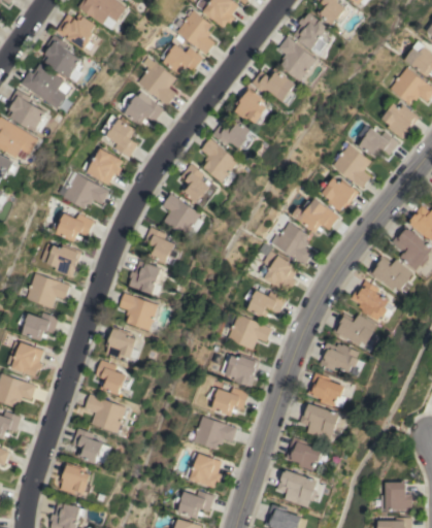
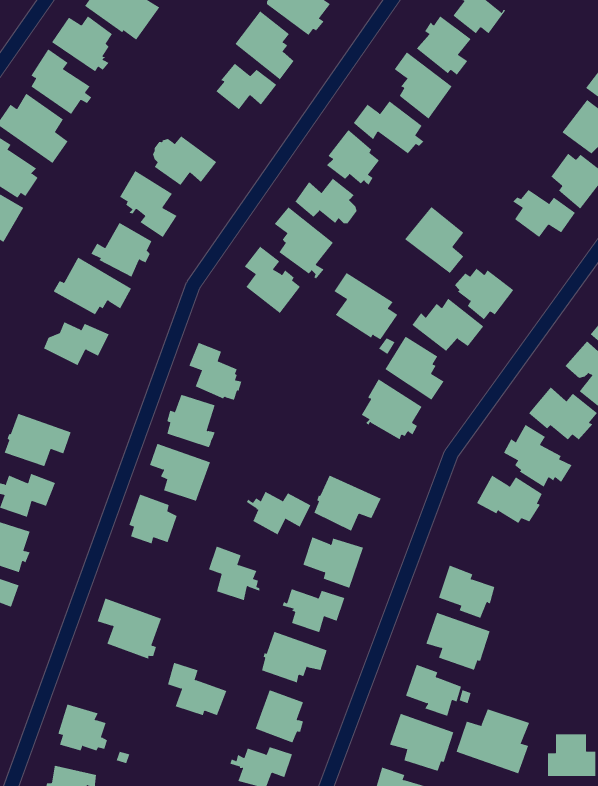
building: [137,58,176,106] -> none
building: [331,144,370,189] -> [404,206,464,274]
building: [163,194,205,238] -> [333,272,398,340]
building: [39,243,81,277] -> none
building: [243,291,286,320] -> [246,491,311,535]
building: [320,340,365,373] -> none
building: [97,360,131,396] -> [208,546,260,601]
building: [73,429,112,464] -> [167,662,227,716]
building: none -> [456,708,530,774]

